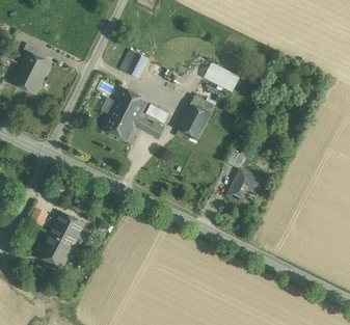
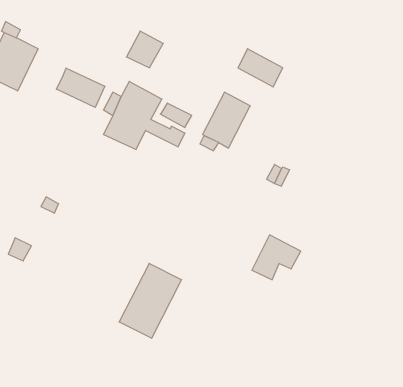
building: none -> [56,68,105,107]
building: [226,168,264,202] -> [252,235,301,280]
building: [36,211,84,268] -> [119,263,182,338]

